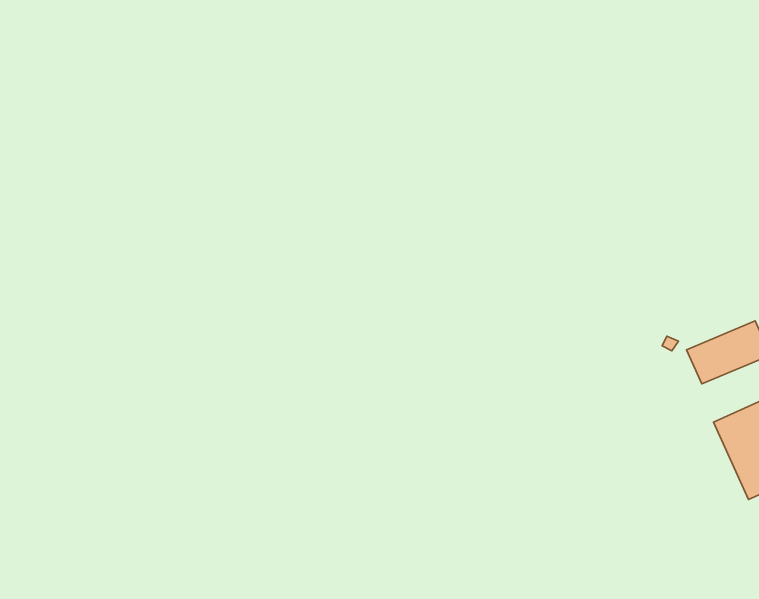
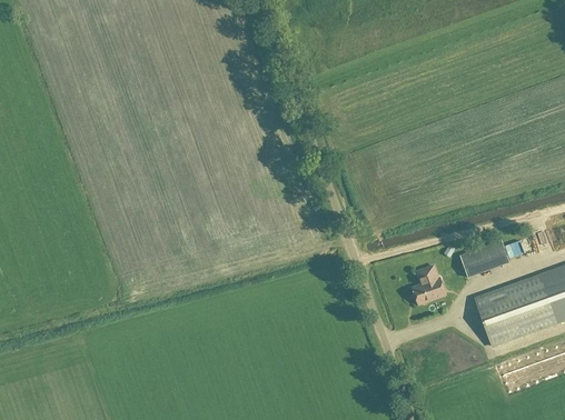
building: none -> [412,263,445,302]

